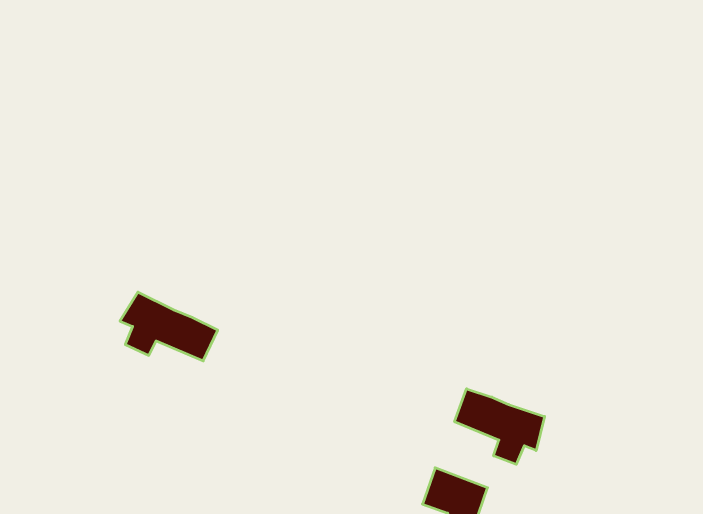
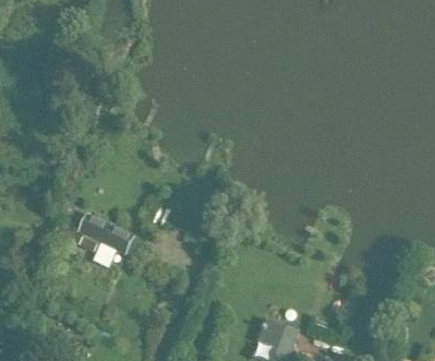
building: [455,389,545,464] -> none

